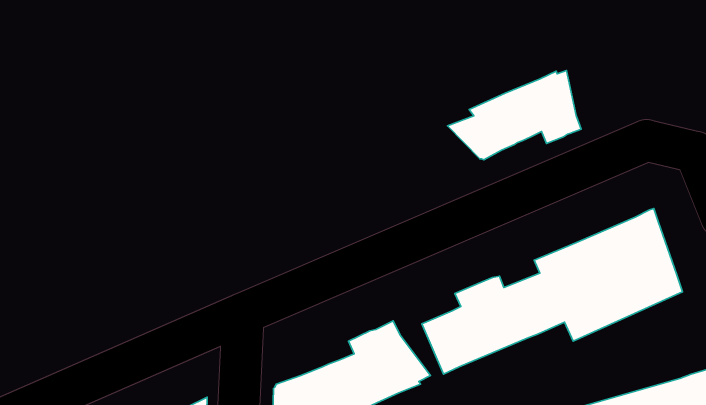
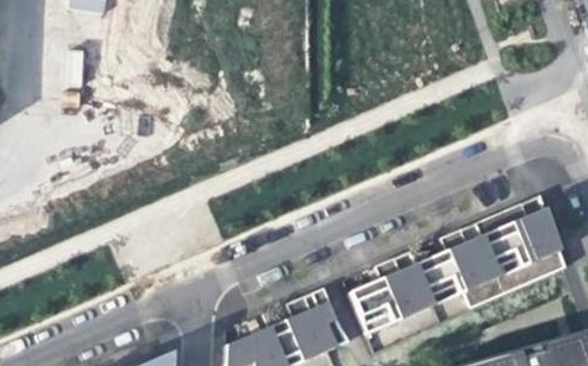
building: [447,71,581,160] -> none

